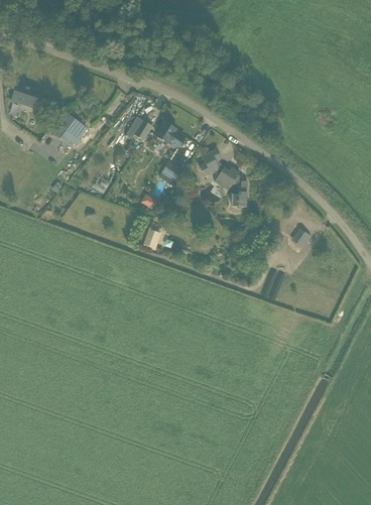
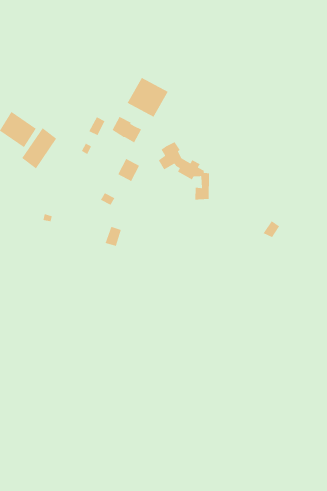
building: none -> [126,77,169,118]
building: none -> [21,127,57,170]

